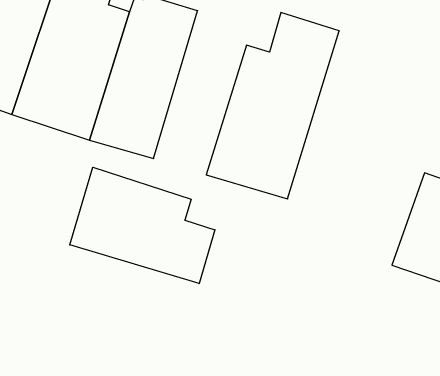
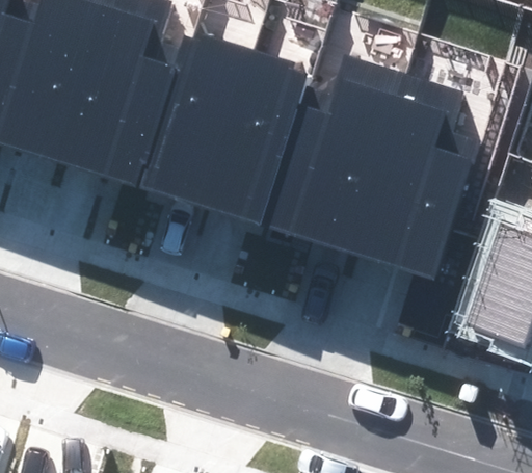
building: none -> [203,48,305,226]
building: none -> [348,70,475,278]
building: [70,167,215,284] -> none

